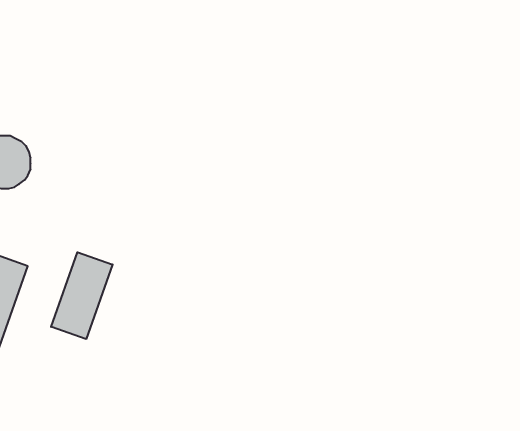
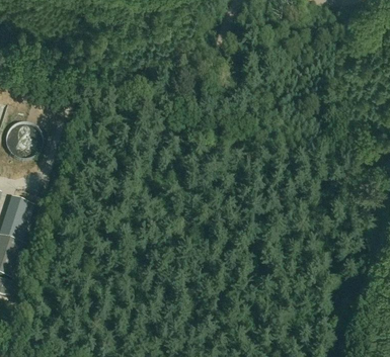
building: [51,252,113,339] -> none

